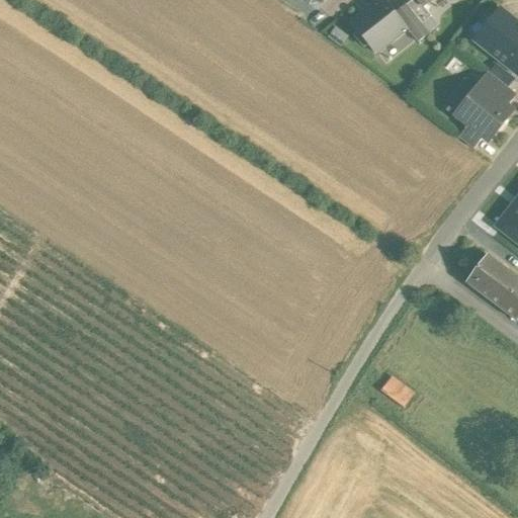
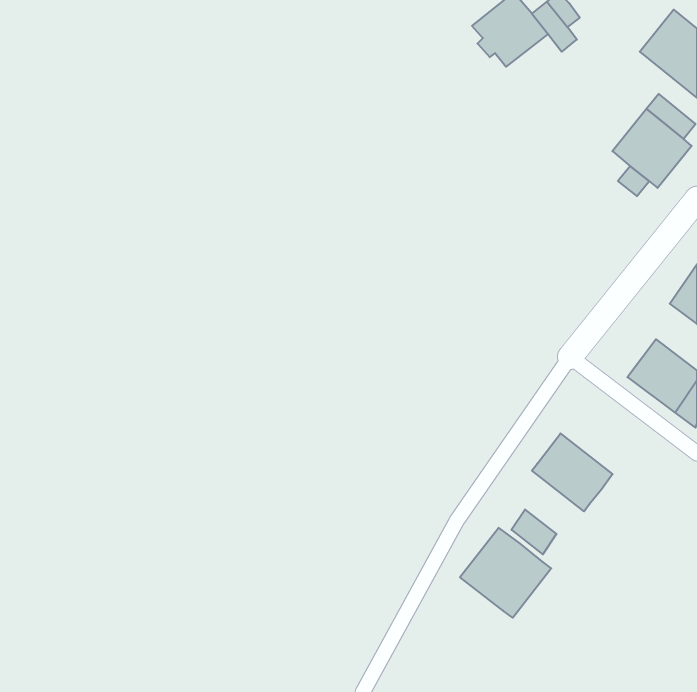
building: none -> [532,433,613,511]
building: none -> [460,528,551,618]

